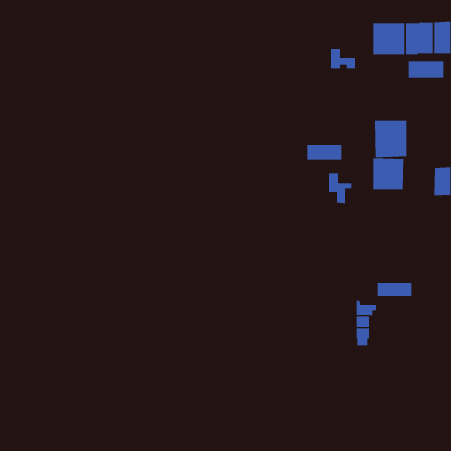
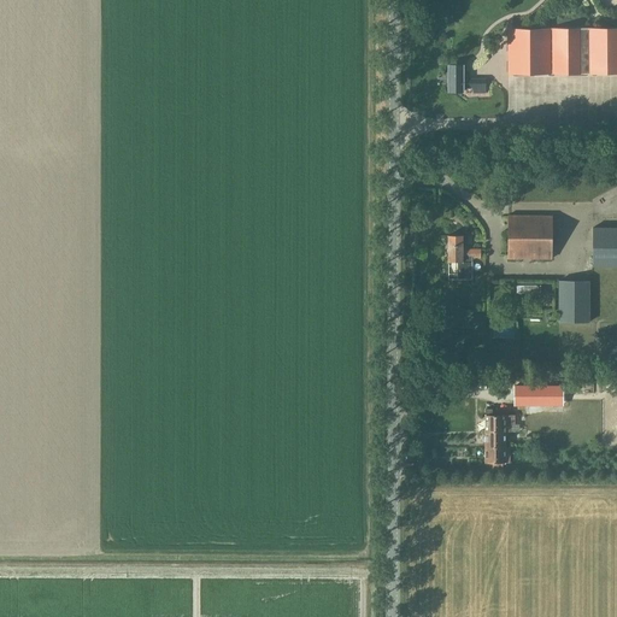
building: [408,61,444,78] -> none
building: [374,120,407,158] -> none
building: [307,144,342,161] -> none
building: none -> [558,281,599,323]

